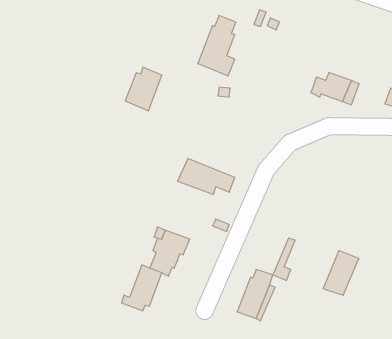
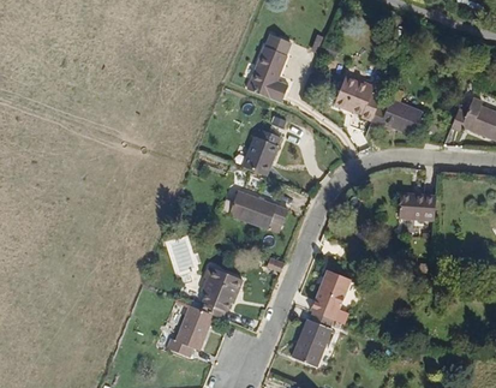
building: none -> [334,76,381,117]
building: [125,67,162,111] -> [241,130,281,177]
building: none -> [400,196,437,222]
building: [323,251,359,295] -> [309,268,347,316]

